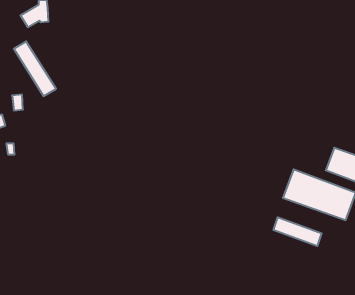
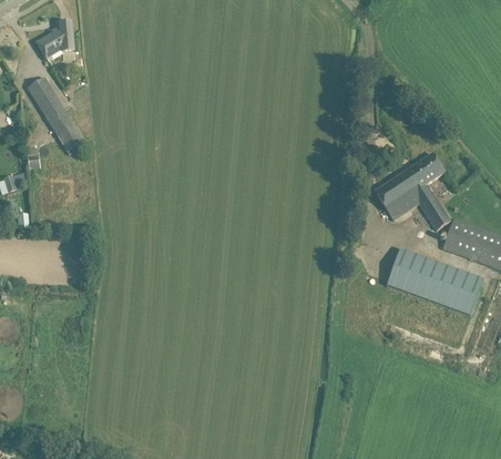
building: none -> [374,152,450,228]
building: [273,217,322,246] -> none

